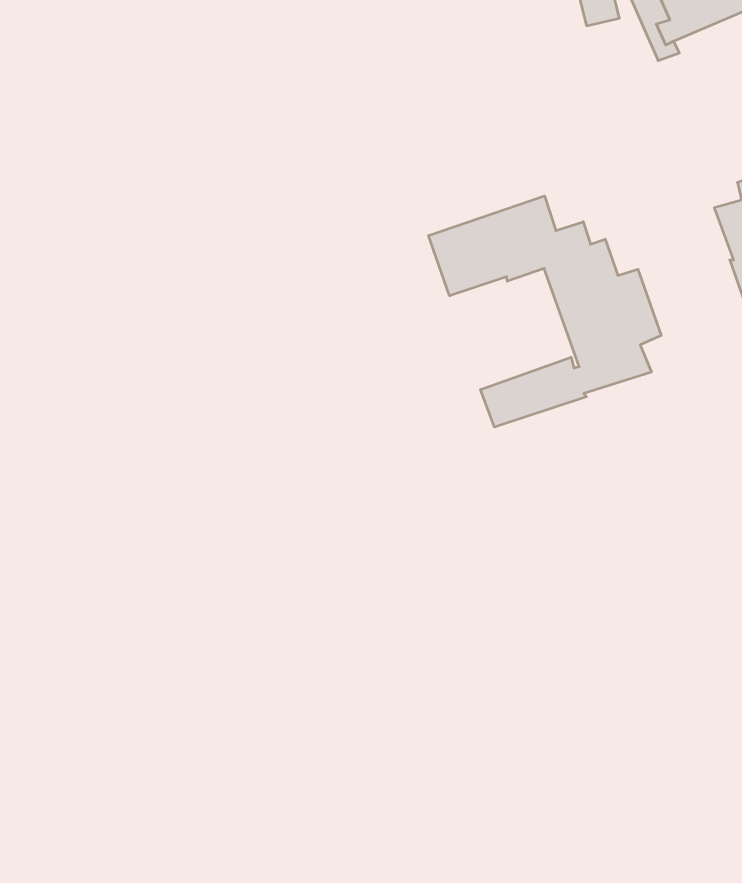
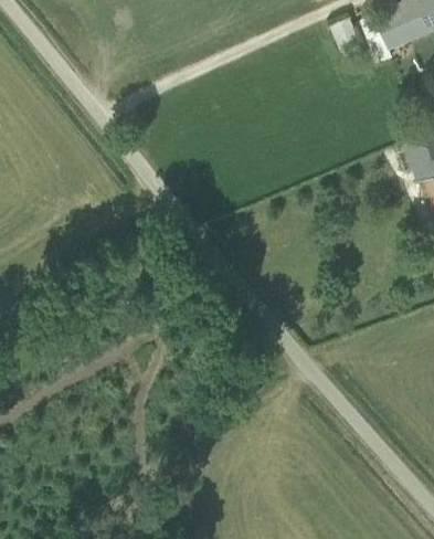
building: [429,196,661,427] -> none

